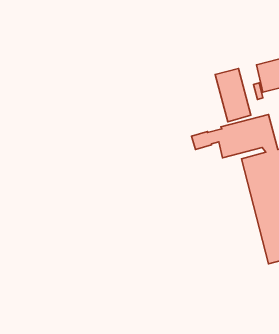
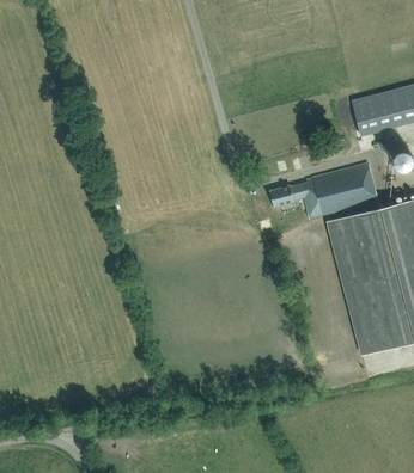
building: [215,69,251,122] -> none

